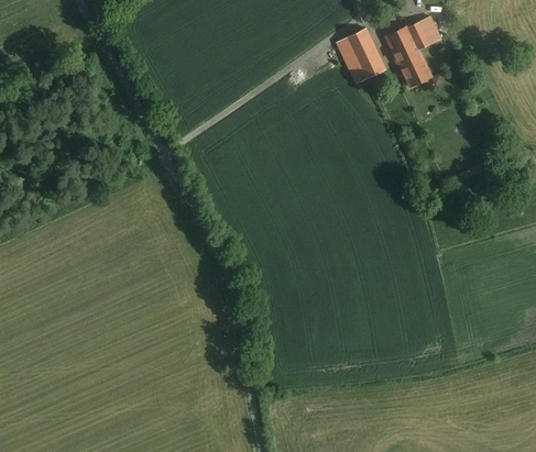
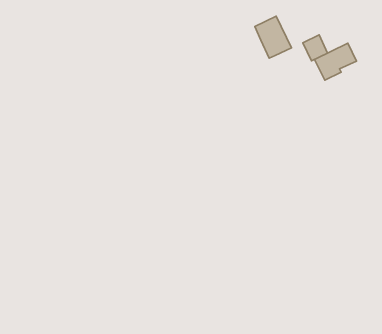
building: [386,16,440,64] -> [314,43,357,80]

